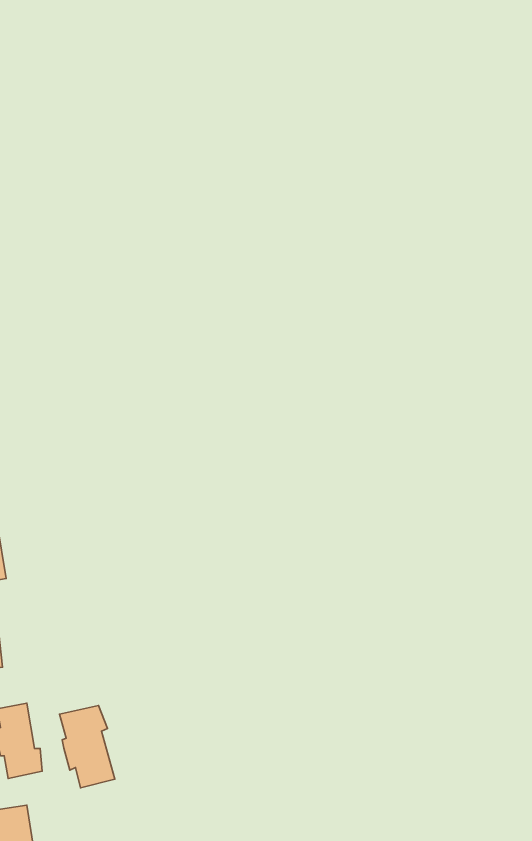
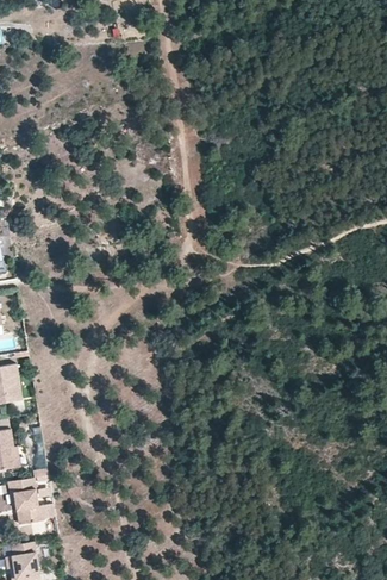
building: [59,706,115,788] -> none

